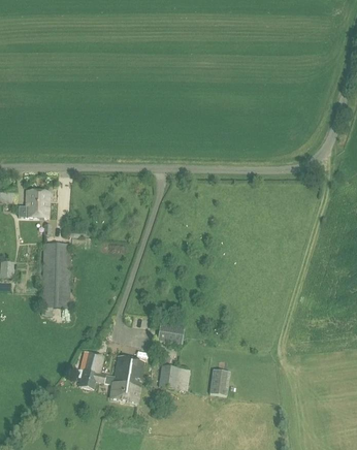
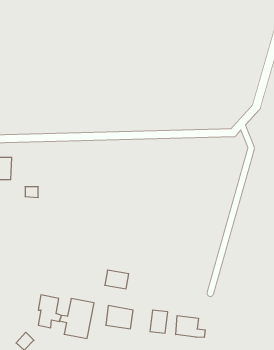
building: [41,243,72,308] -> none
building: none -> [176,316,205,337]

